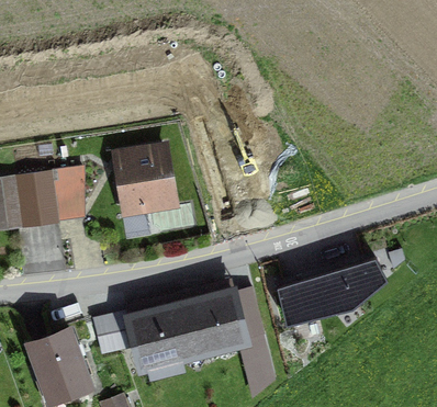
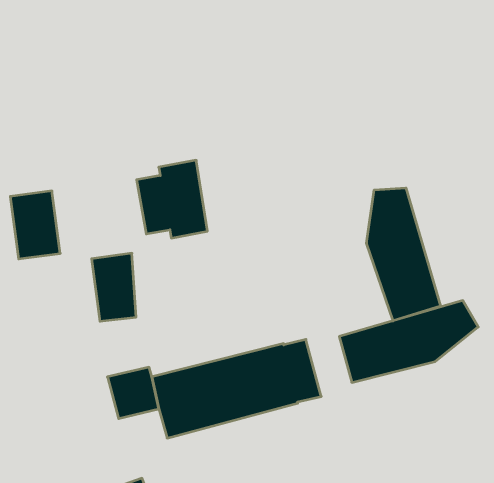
building: [49,168,85,222] -> [92,253,136,321]
building: none -> [367,188,440,321]
building: [29,331,88,398] -> none

